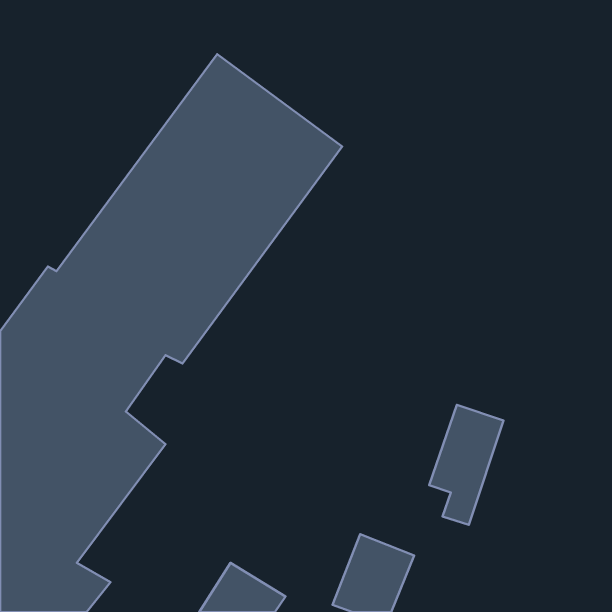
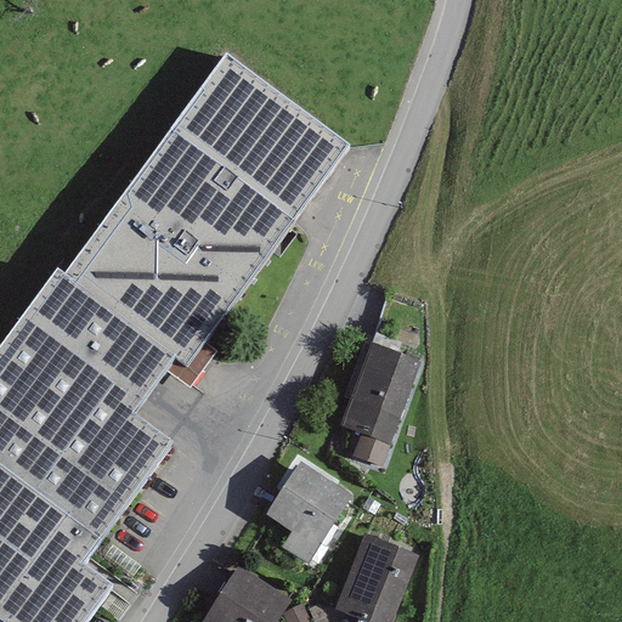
building: [429,405,504,525] -> [340,349,415,470]
building: none -> [259,463,355,571]

